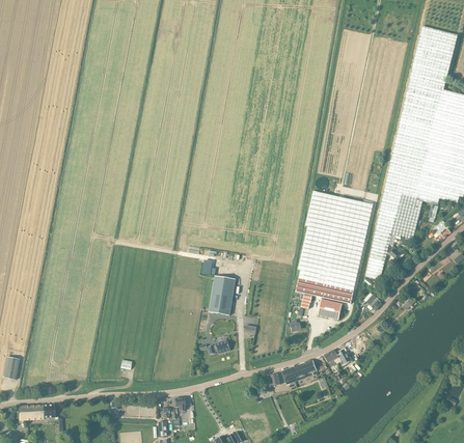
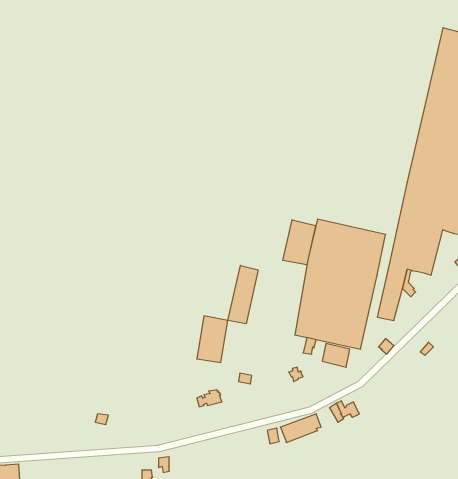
building: none -> [283,220,316,265]
building: none -> [228,265,258,324]

